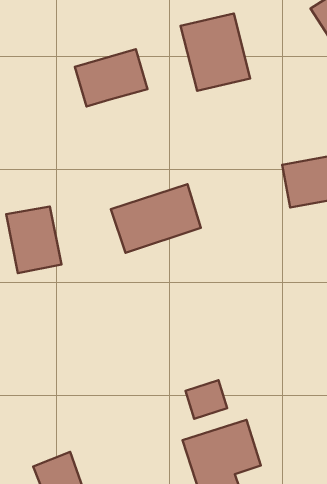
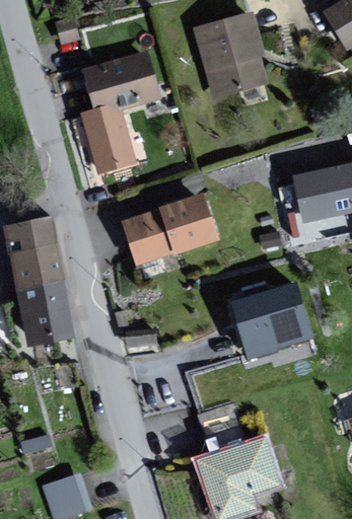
building: none -> [84,106,132,170]
building: none -> [21,279,77,344]
building: none -> [233,282,315,359]

